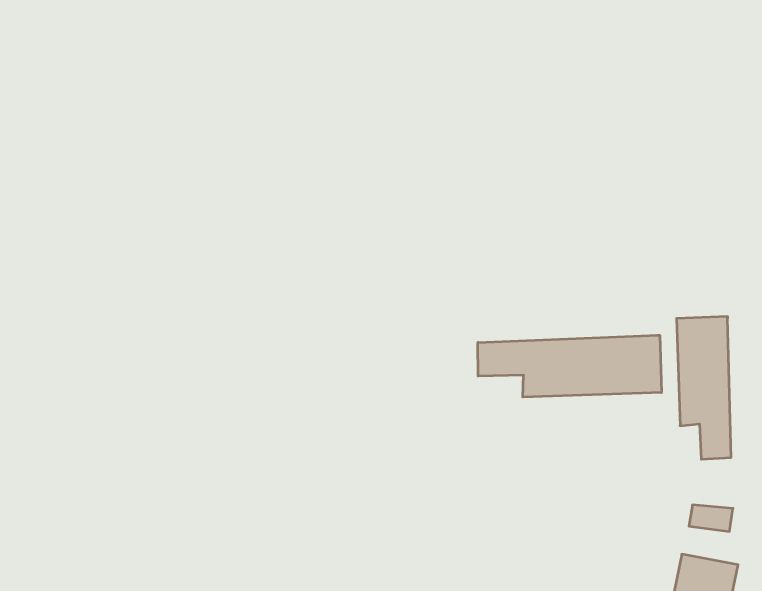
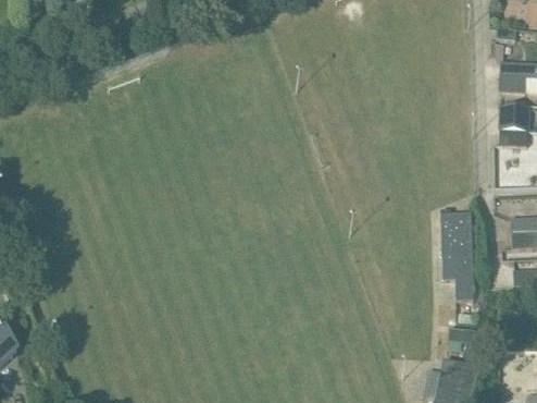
building: [478,335,661,397] -> none

